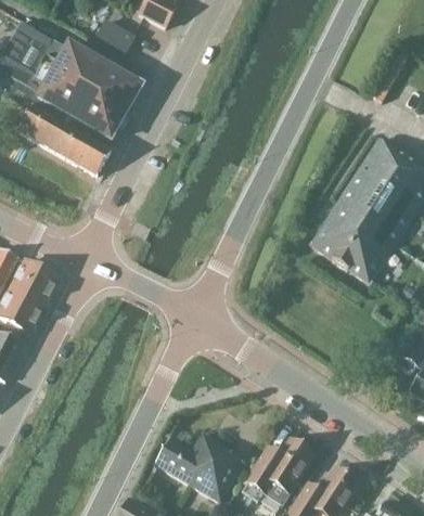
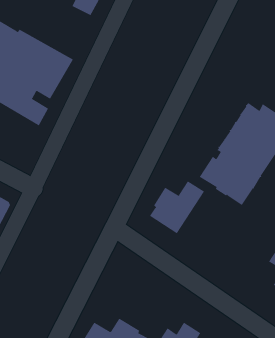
building: [95,20,134,54] -> none
building: none -> [149,181,205,234]

